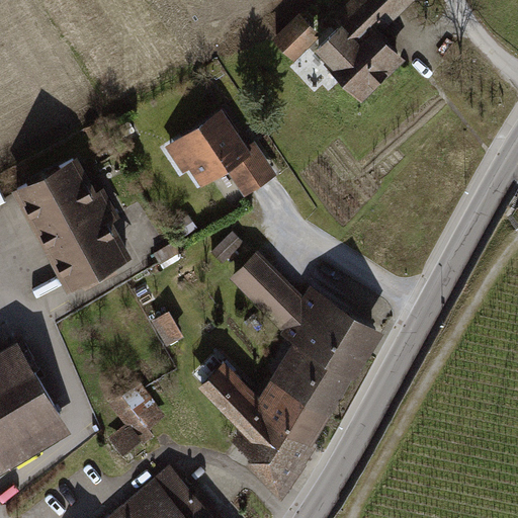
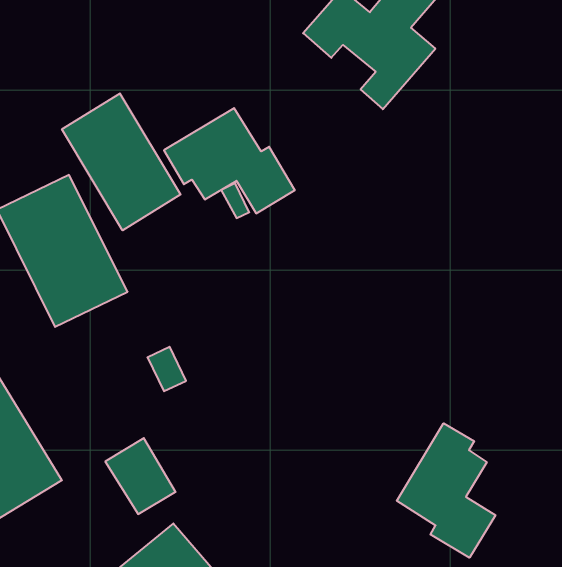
building: none -> [62,93,181,230]
building: [202,253,371,483] -> none
building: none -> [397,423,495,558]

